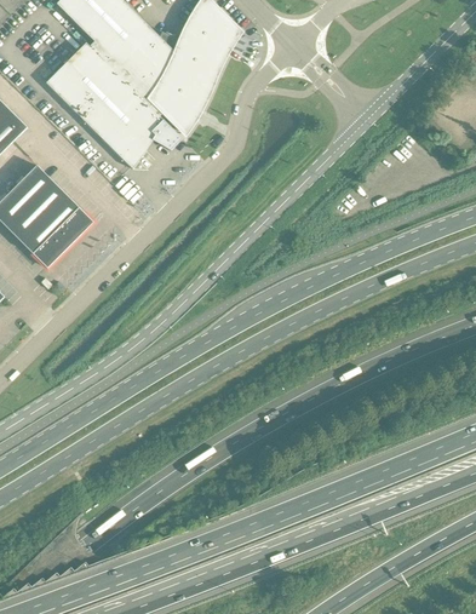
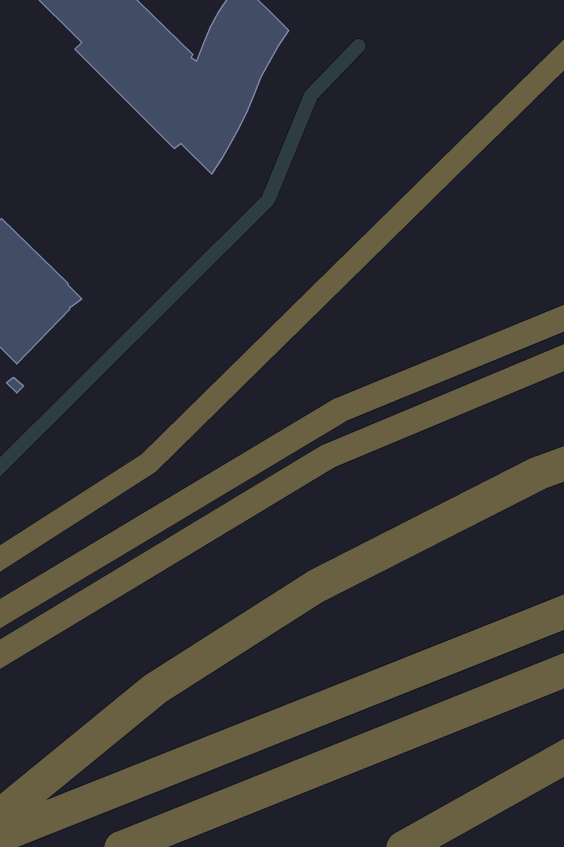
building: [46,41,182,168] -> none

